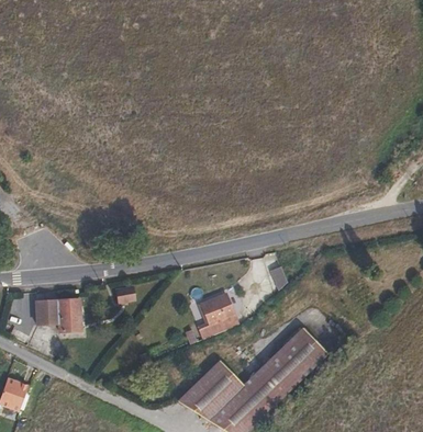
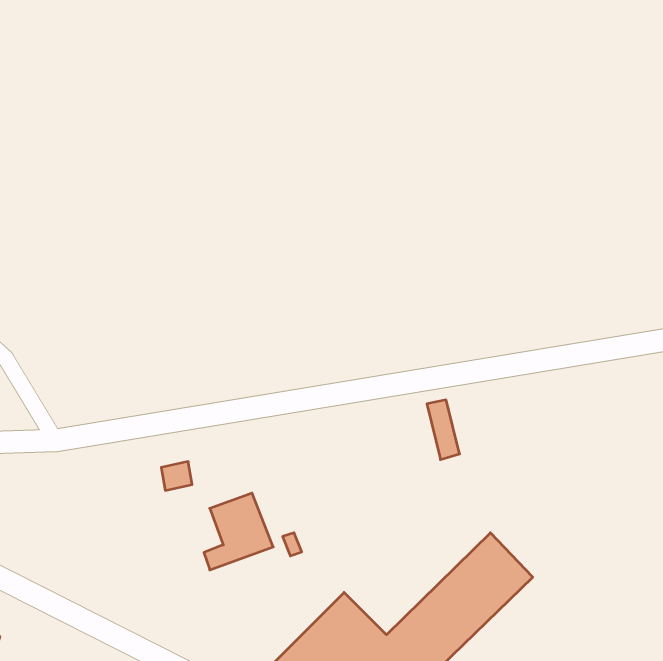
building: [197,292,236,336] -> [204,493,273,570]
building: [35,299,81,332] -> none

